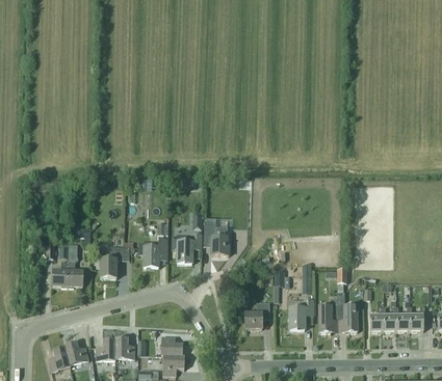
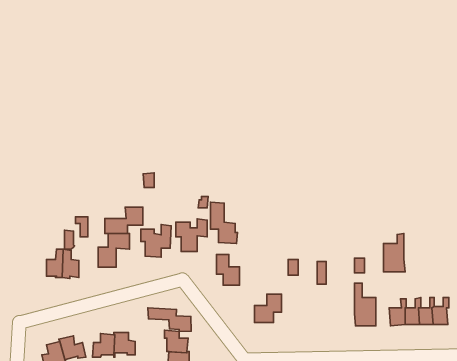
building: none -> [105,207,143,234]
building: none -> [216,255,239,285]
building: [318,296,338,331] -> [384,233,405,272]
building: [289,299,313,329] -> none
building: none -> [148,308,191,331]

